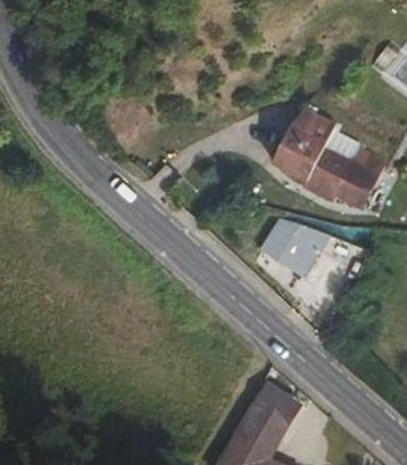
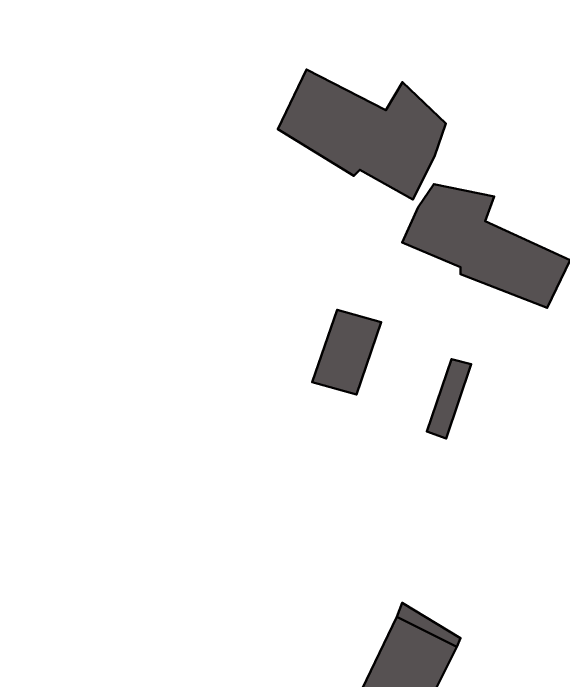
building: none -> [278,70,446,200]
building: [260,223,302,276] -> [312,310,381,395]

